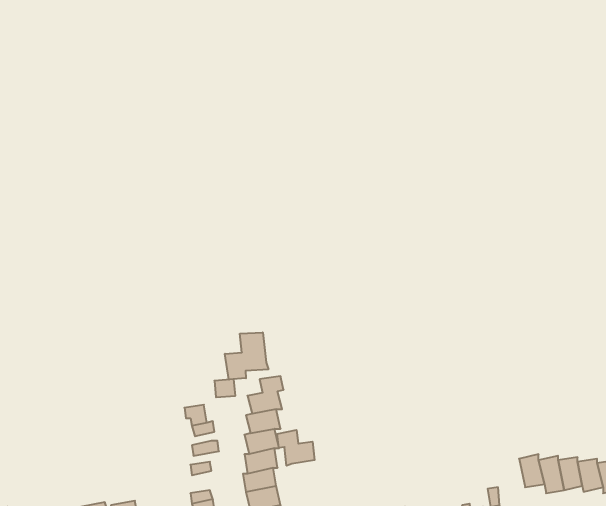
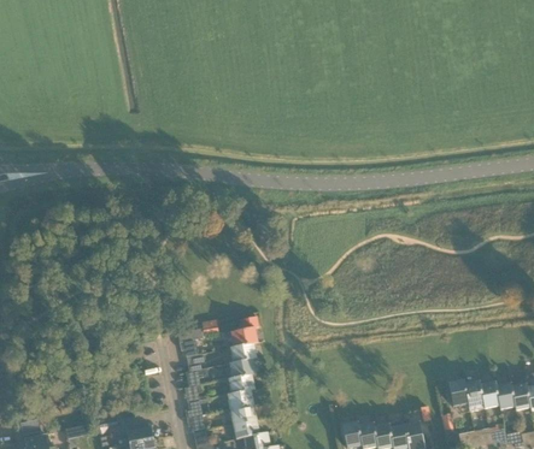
building: [225,332,268,380] -> none
building: [277,430,315,466] -> none

